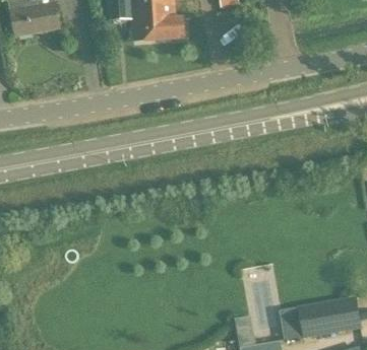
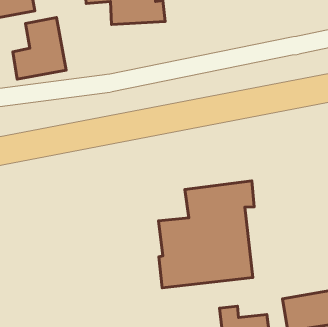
building: none -> [13,17,66,79]
building: none -> [159,181,254,288]

